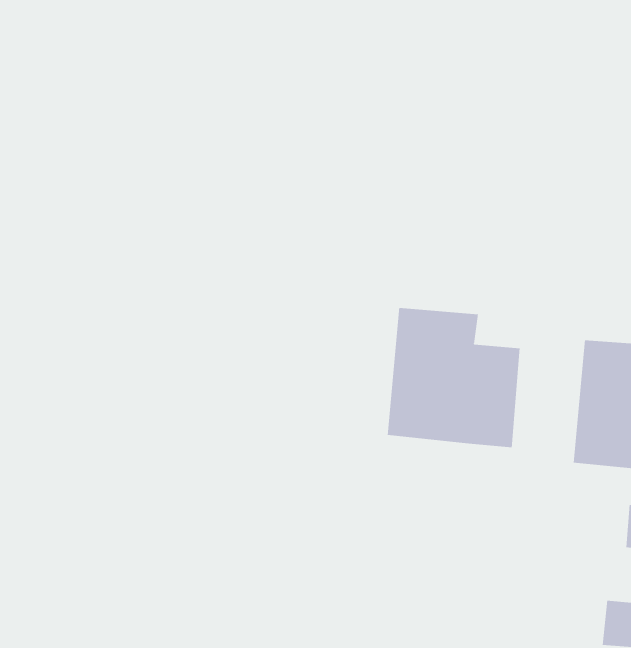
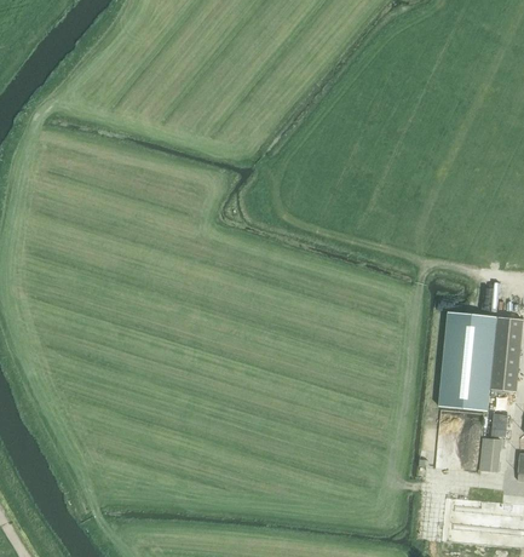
building: [387,307,520,448] -> none

